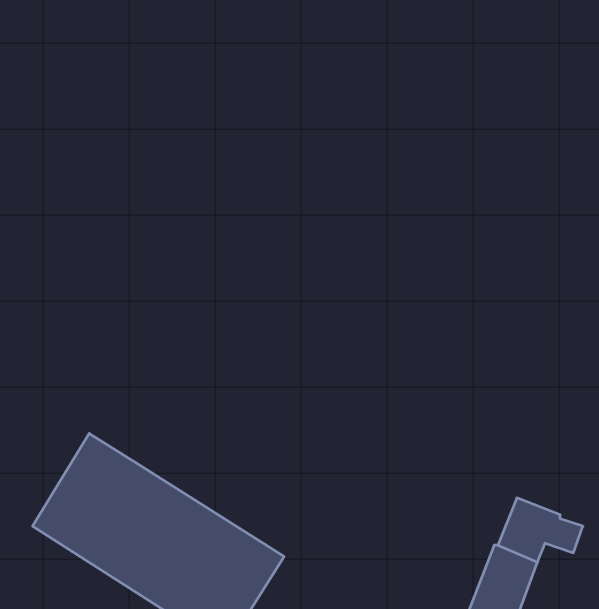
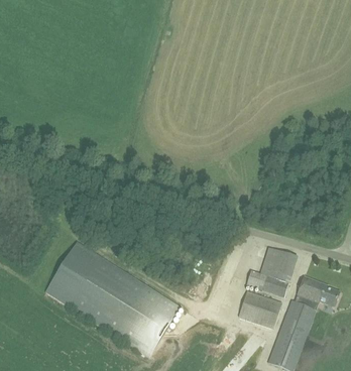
building: none -> [246,246,298,295]
building: none -> [239,289,281,326]

